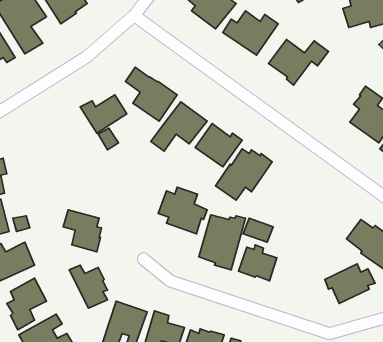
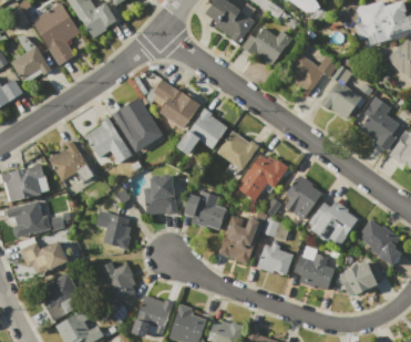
building: none -> [320,64,361,118]
building: none -> [85,117,133,163]
building: none -> [47,141,95,184]
building: none -> [143,173,176,215]
building: none -> [285,174,321,219]
building: none -> [308,200,358,246]
building: none -> [294,246,335,289]

